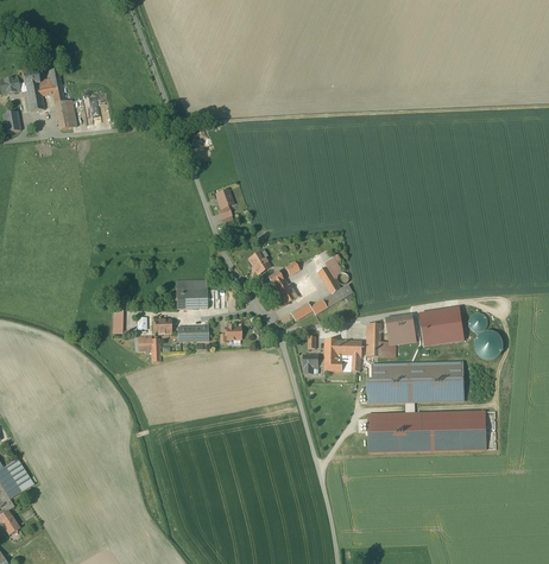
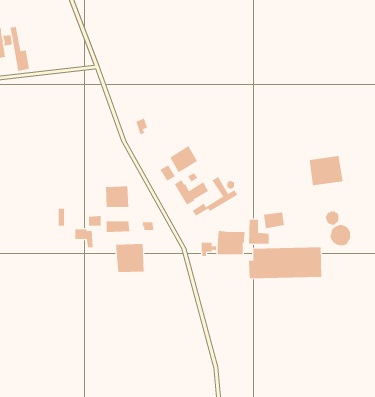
building: none -> [169,145,198,173]
building: [421,306,467,347] -> [309,155,344,186]
building: none -> [115,243,144,273]
building: [366,411,494,454] -> none

